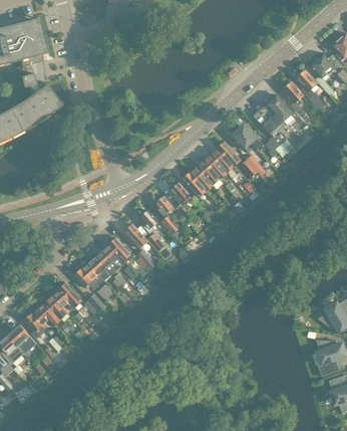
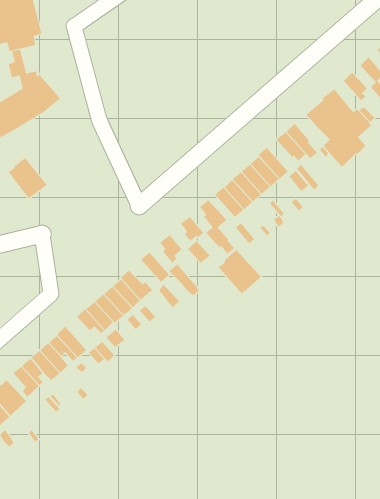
building: none -> [8,157,47,199]
building: none -> [218,249,262,295]

